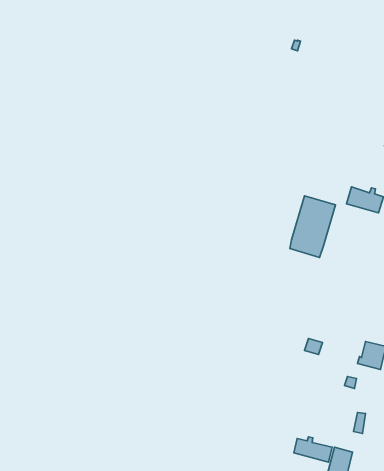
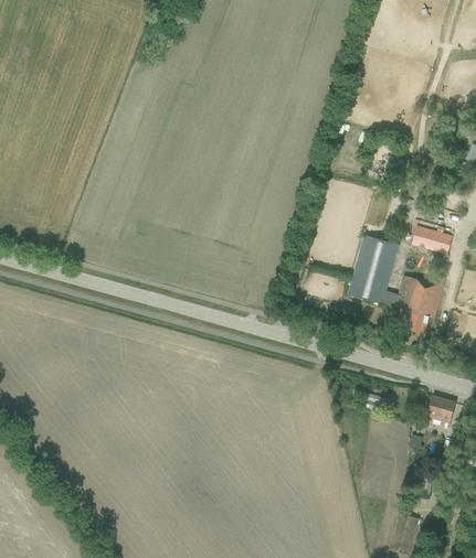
building: none -> [382,275,446,333]
building: [294,437,332,462] -> none

